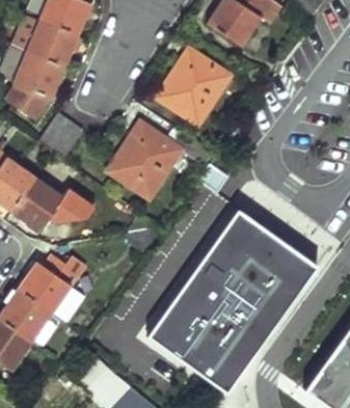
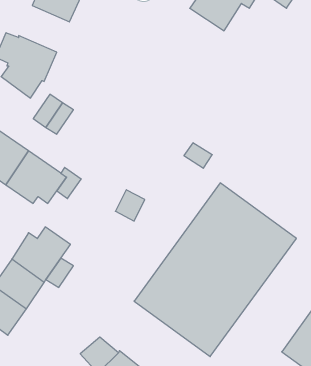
building: [24,20,78,70] -> none
building: [158,57,230,124] -> none
building: [109,131,213,197] -> none

